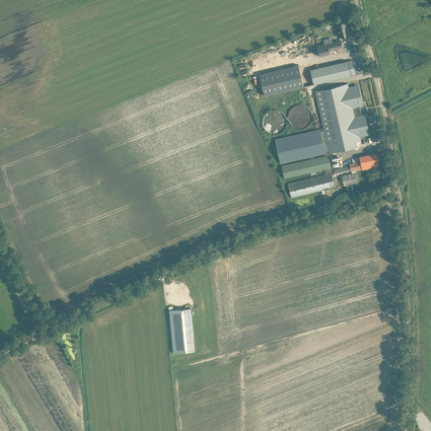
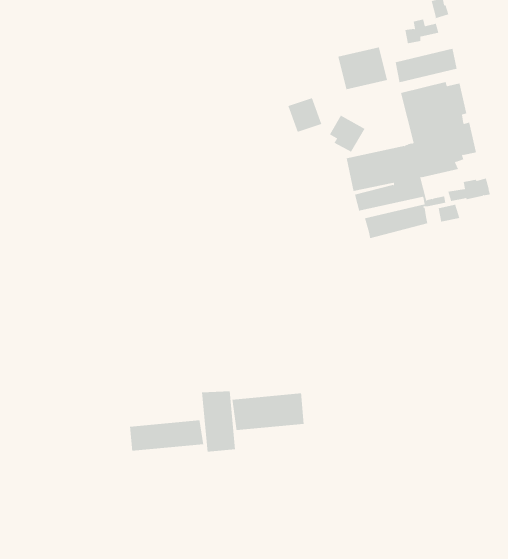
building: [287,103,312,129] -> [287,98,322,132]
building: none -> [232,393,304,431]
building: none -> [130,420,204,451]

